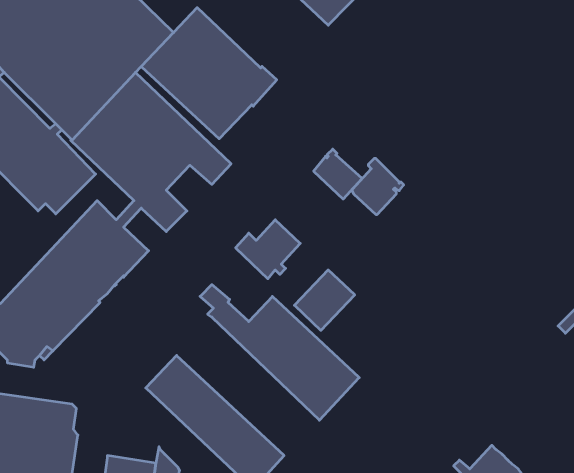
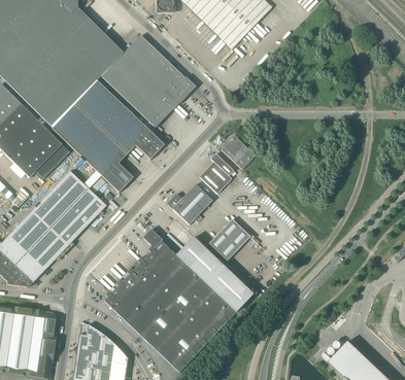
building: [352,158,404,214] -> [200,153,236,193]
building: none -> [126,251,226,348]
building: none -> [77,320,113,353]

